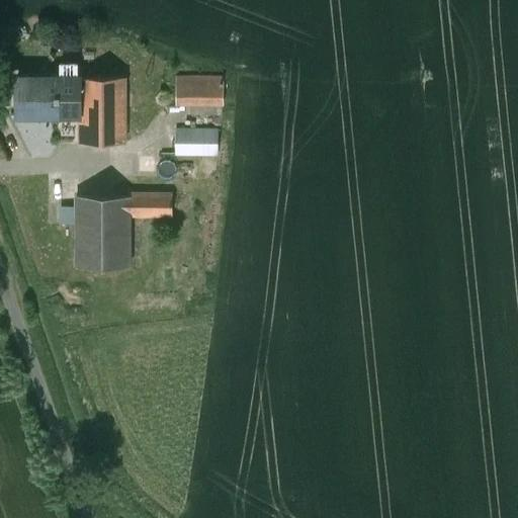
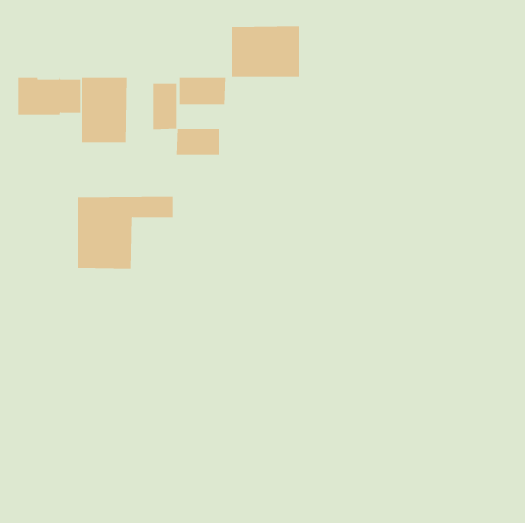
building: none -> [232,25,300,77]
building: none -> [153,83,177,130]

